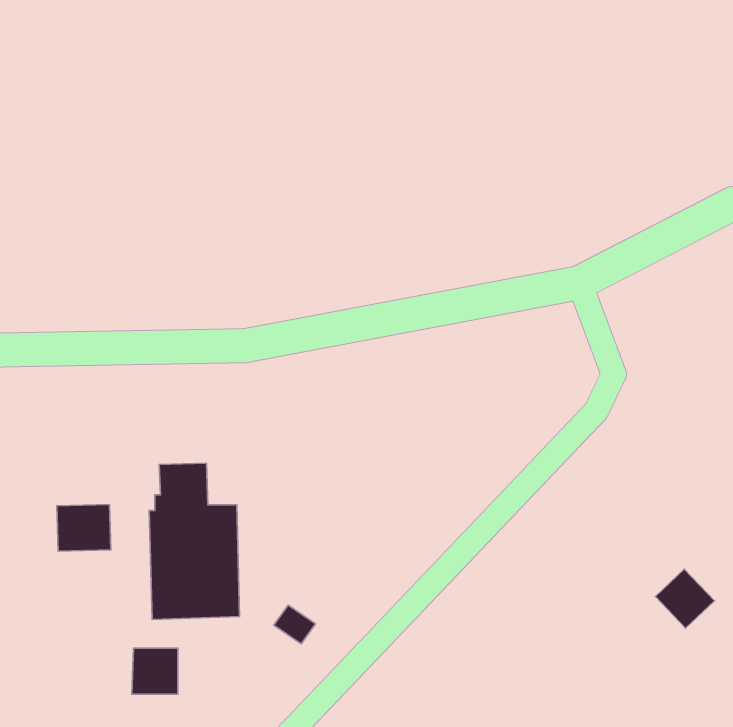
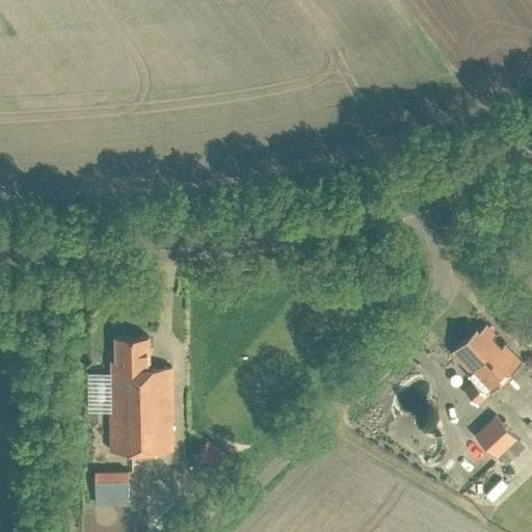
building: none -> [451,325,523,407]
building: [57,505,111,551] -> none

